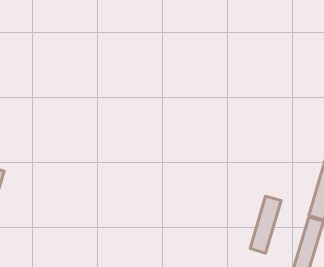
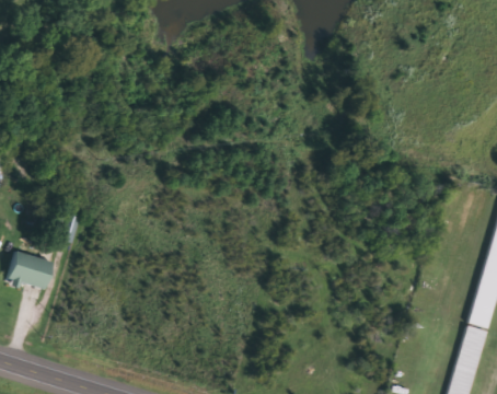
building: [250,196,281,253] -> none

